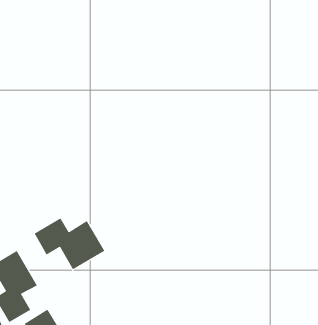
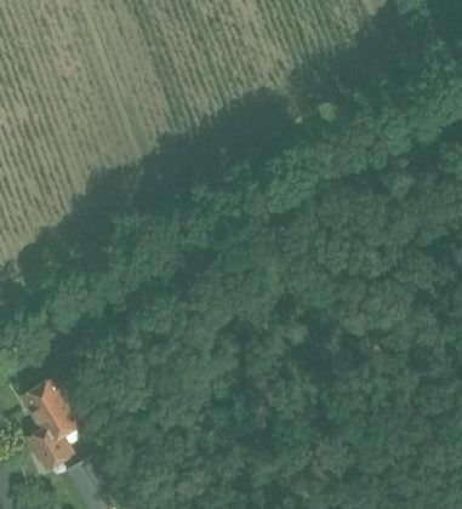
building: [34,217,105,270] -> none

